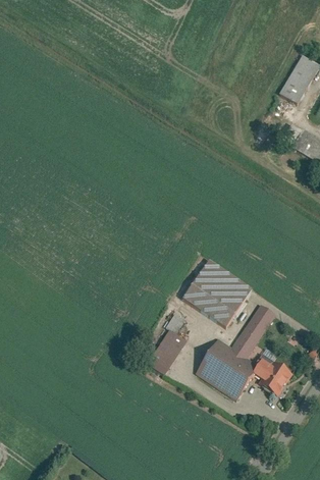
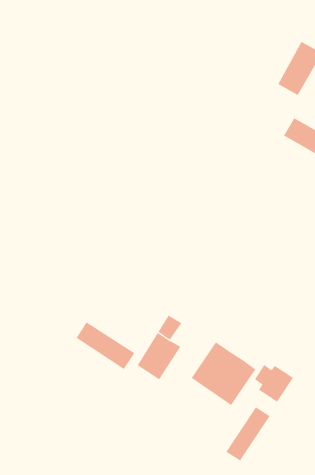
building: [182,260,251,327] -> none
building: [232,304,275,356] -> [225,407,270,461]
building: none -> [76,322,135,370]

